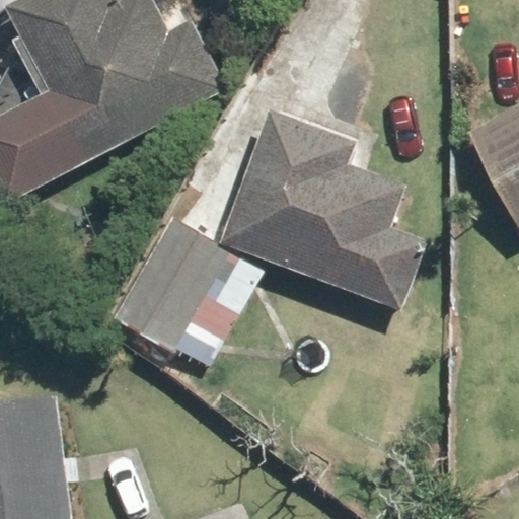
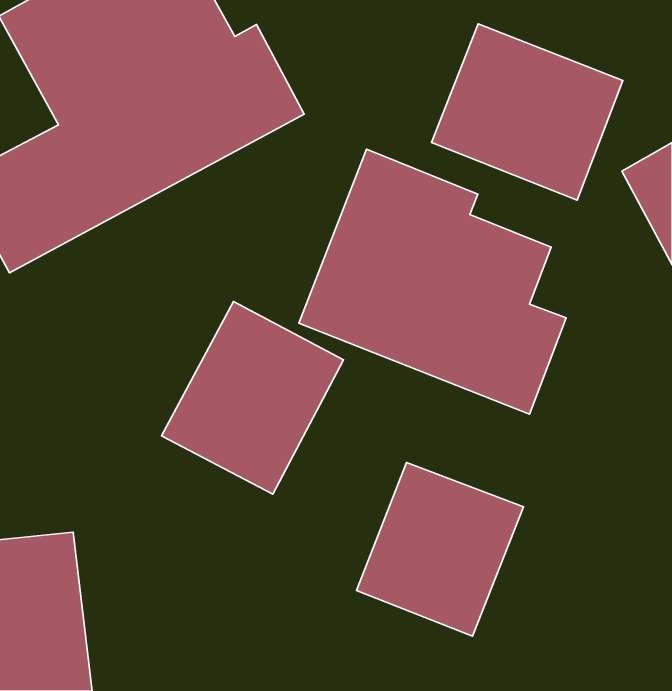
building: none -> [431,24,623,200]
building: none -> [357,462,523,636]

